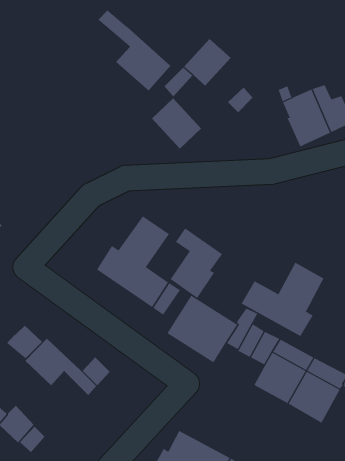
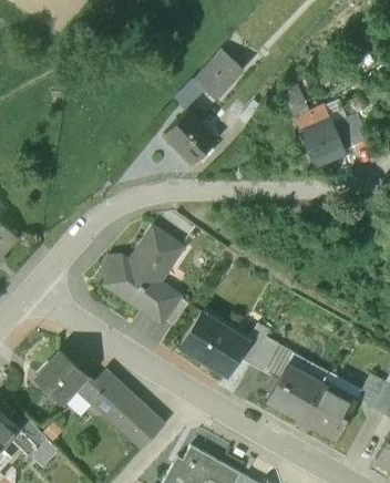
building: [98,10,171,91] -> none
building: [170,228,223,299] -> none
building: [241,262,324,337] -> none
building: [6,325,43,359] -> none
building: none -> [106,394,163,451]

